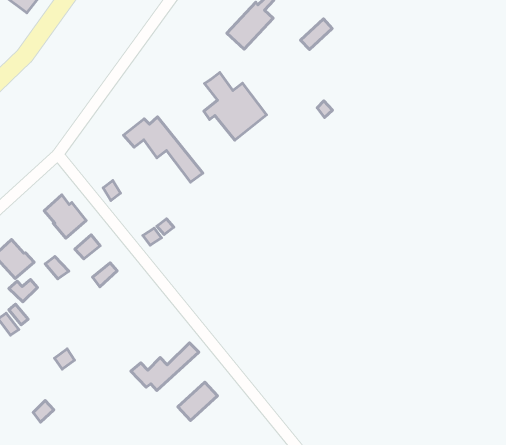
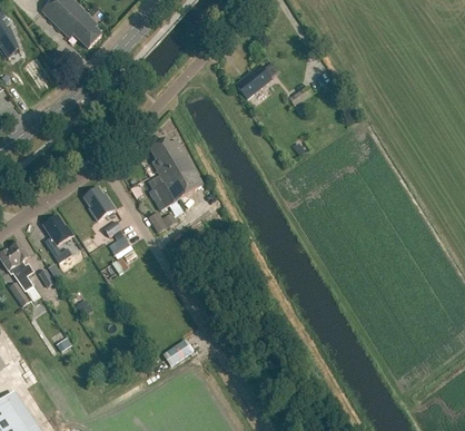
building: [204,72,266,140] -> [148,155,194,206]
building: [131,343,199,391] -> none

